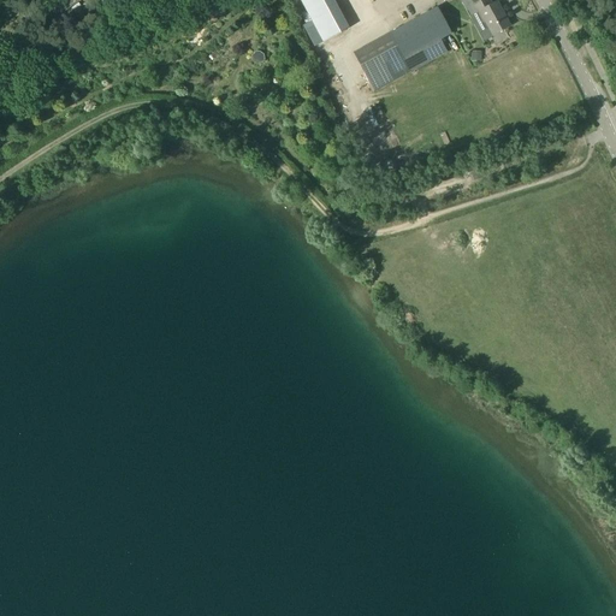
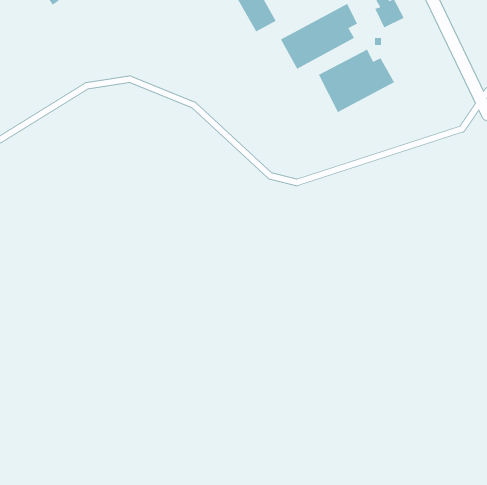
building: none -> [318,48,395,113]

